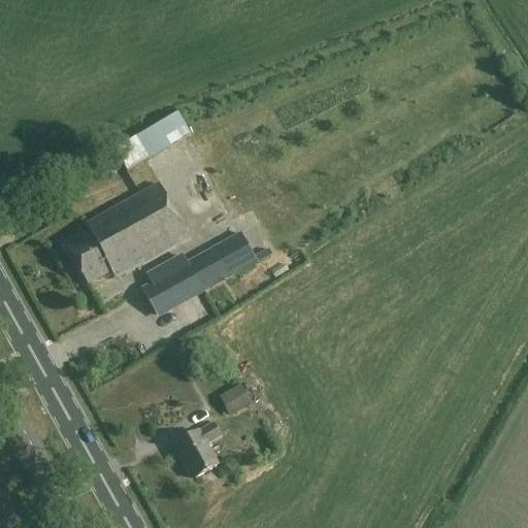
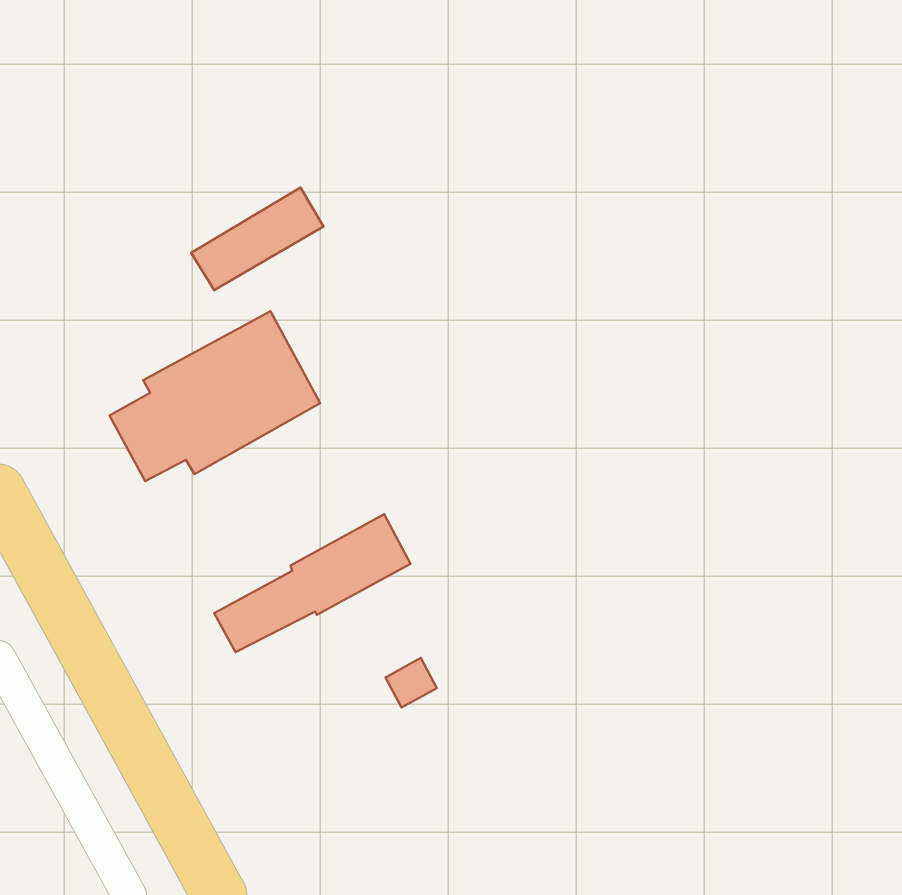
building: [142,230,257,310] -> [214,514,411,652]
building: [175,421,221,475] -> none

